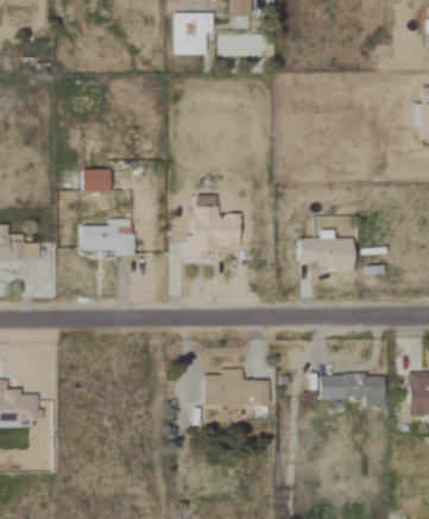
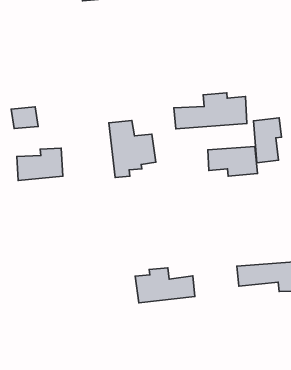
building: none -> [174,93,247,129]
building: none -> [254,118,282,163]

